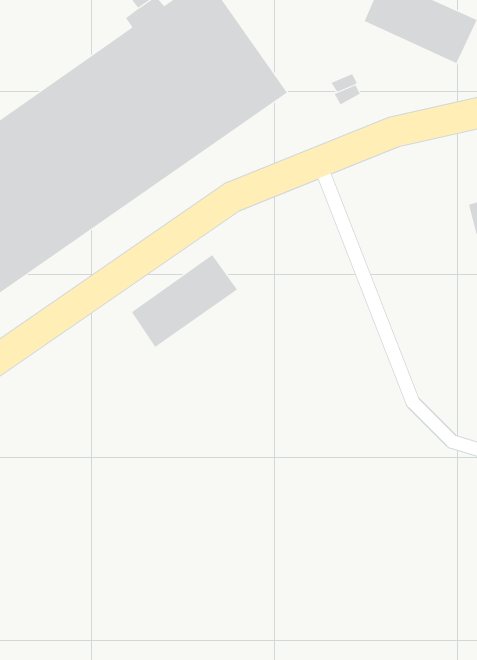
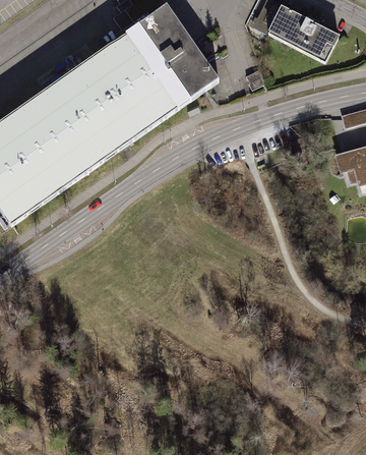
building: [131,254,238,348] -> none

